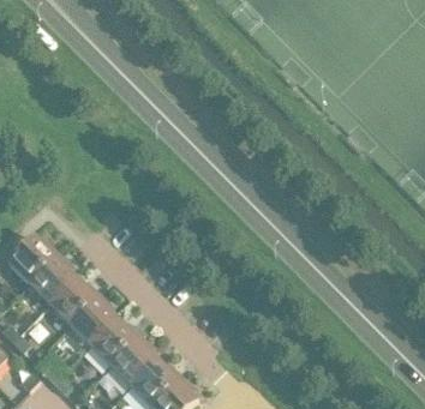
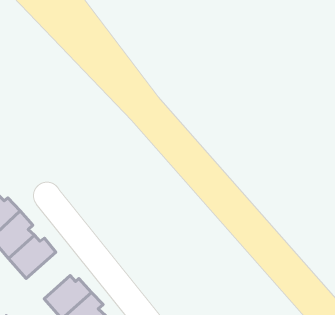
building: [67,295,114,345] -> none

